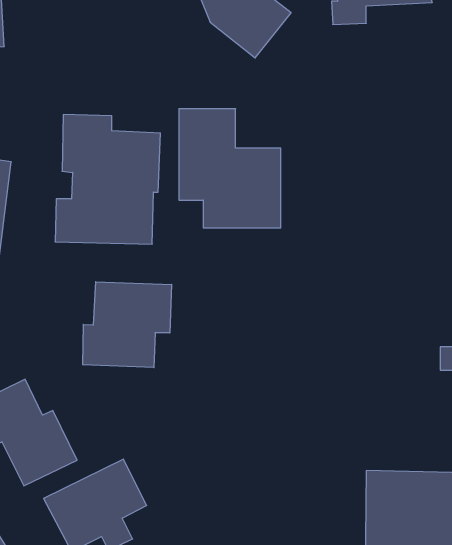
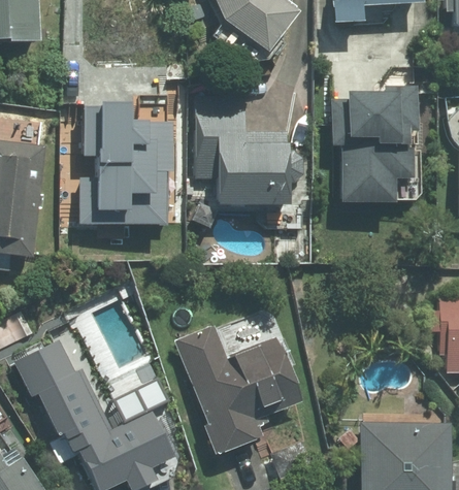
building: none -> [326,79,423,203]
building: [83,282,172,368] -> none
building: none -> [177,326,301,455]

